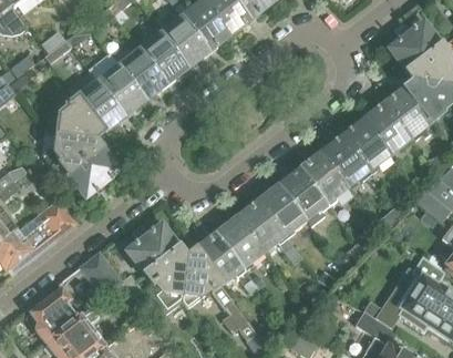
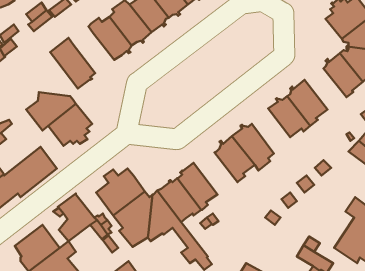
building: [89,53,143,111] -> none
building: [55,96,102,137] -> none
building: [363,105,412,153] -> none
building: [302,152,347,204] -> none
building: [235,203,303,266] -> none

